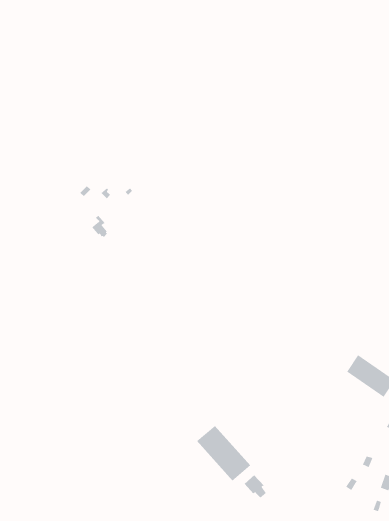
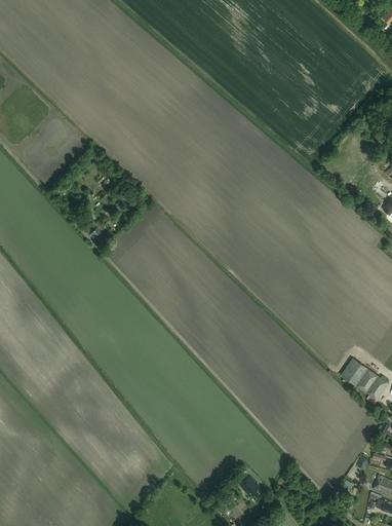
building: [196,425,251,481] -> none

